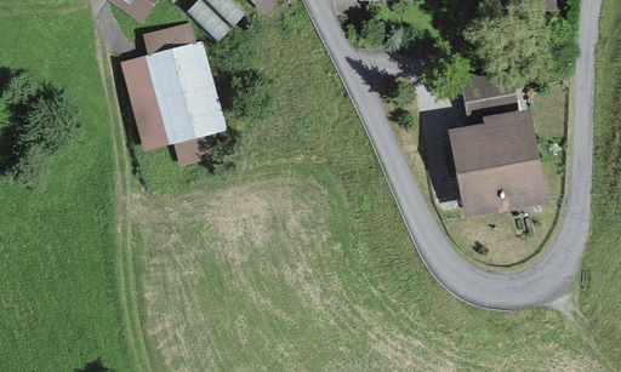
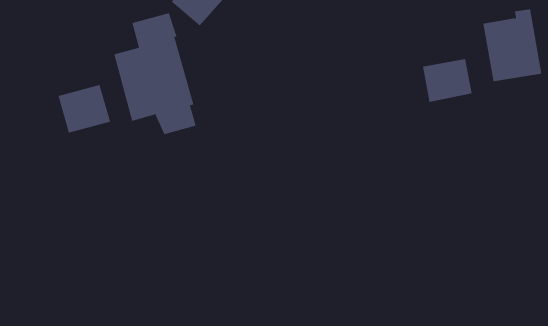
building: none -> [58,84,111,133]
building: [462,124,526,202] -> [483,9,542,82]

